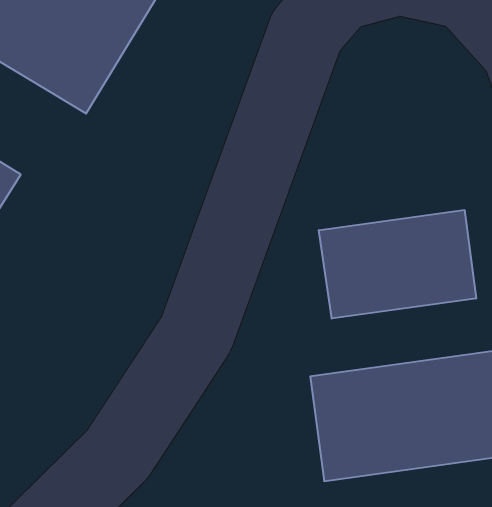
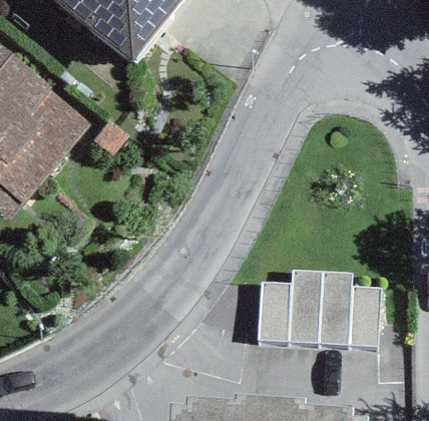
building: [319,210,476,319] -> none

